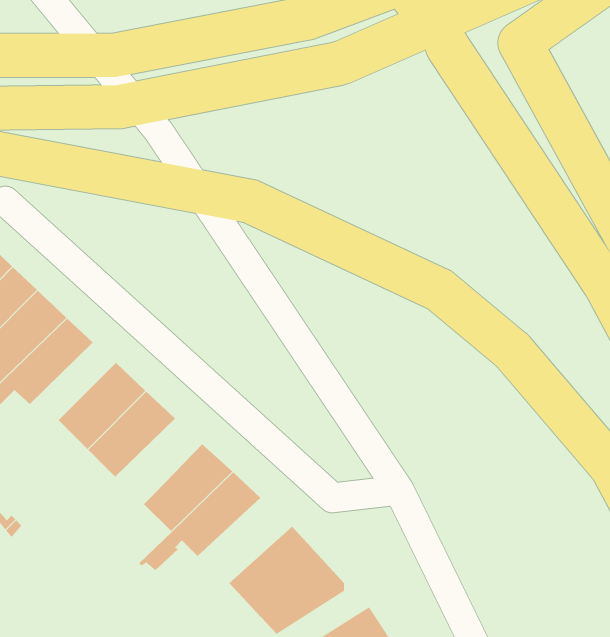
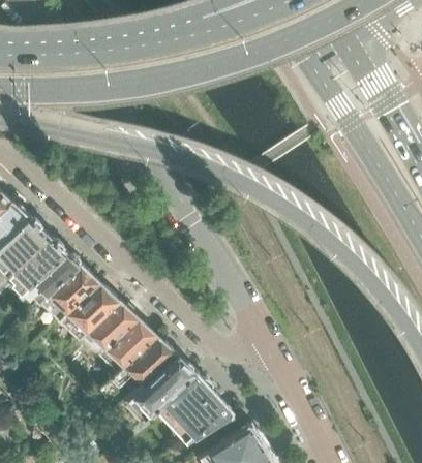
building: none -> [19,251,81,304]
building: none -> [81,302,139,359]
building: none -> [126,354,199,422]

